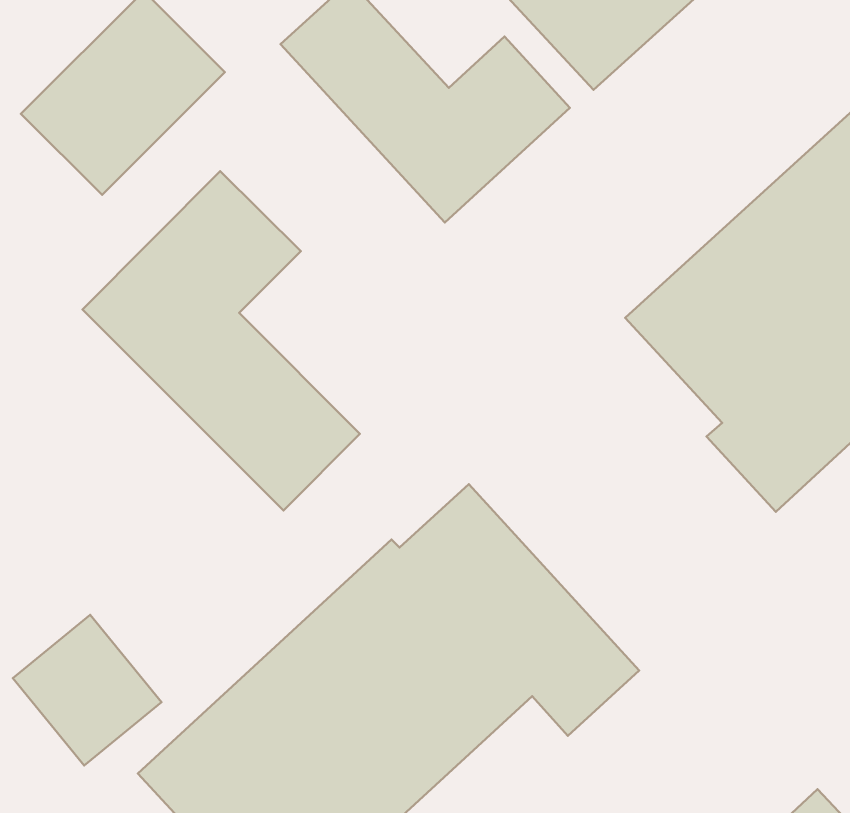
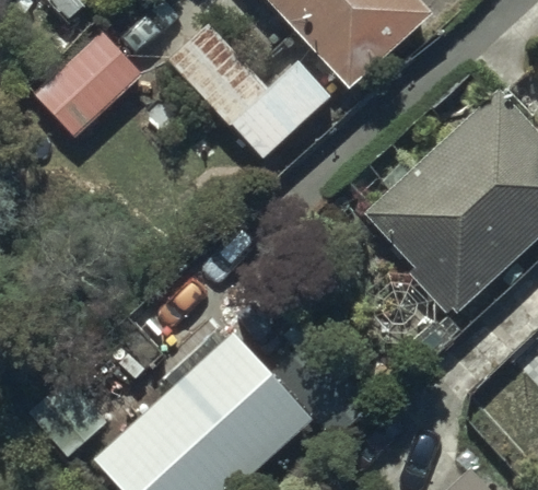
building: [82,171,360,511] -> none

